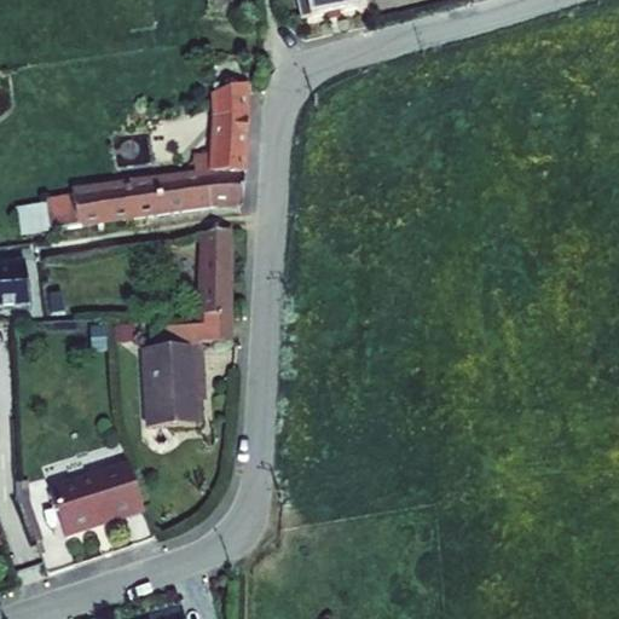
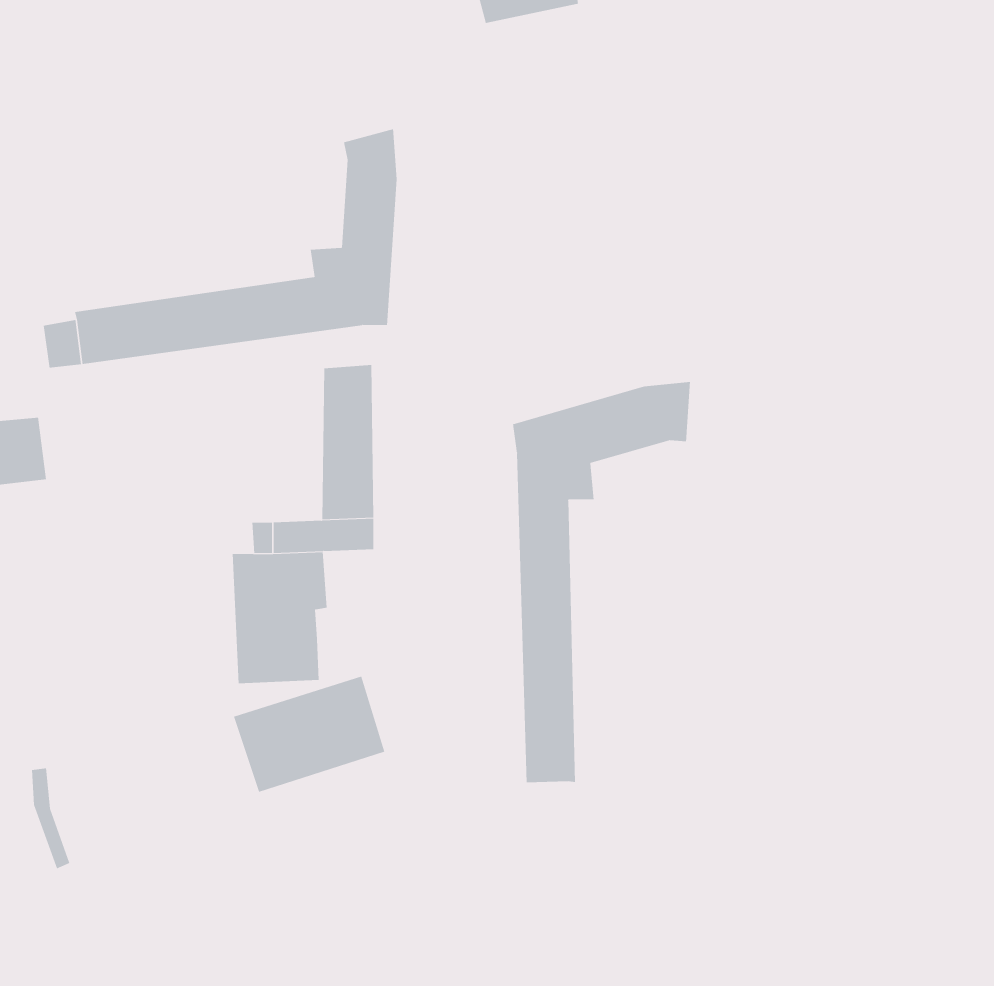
building: none -> [512,381,691,783]
building: [48,459,143,532] -> [233,676,385,793]

